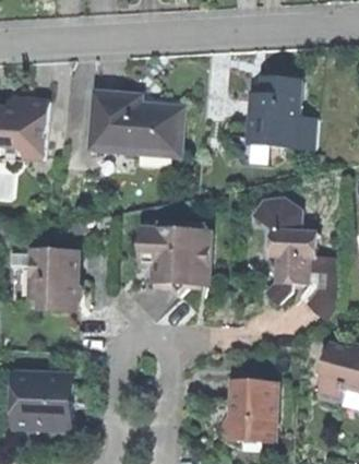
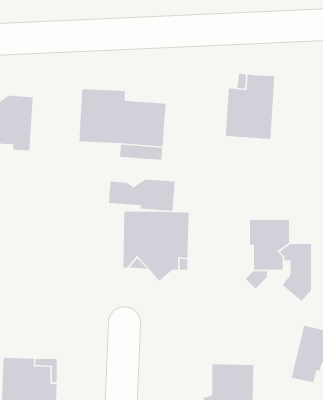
building: none -> [108,179,175,212]
building: [253,199,299,229] -> none
building: [32,253,77,309] -> none

